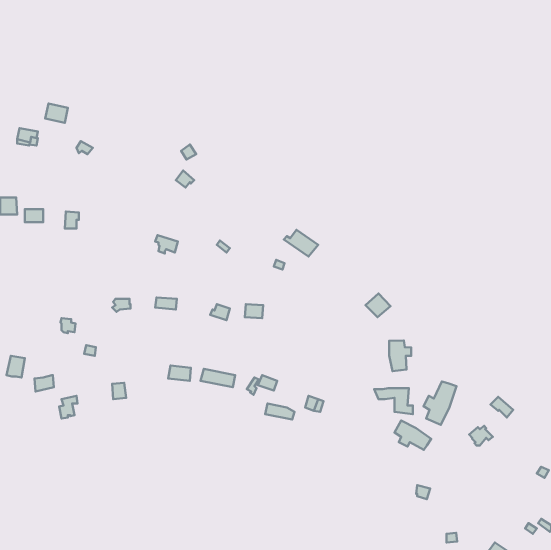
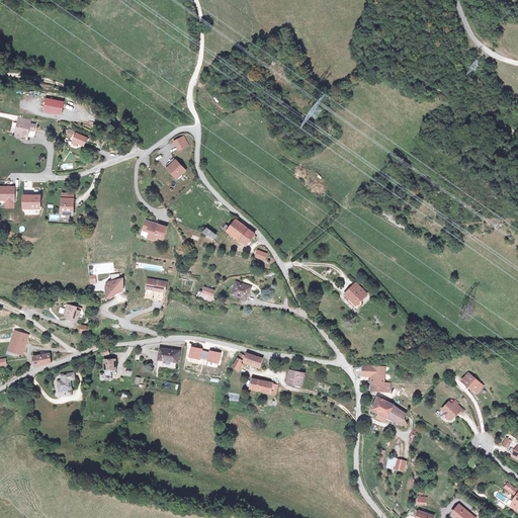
building: [284,230,318,257] -> [223,217,255,242]
building: [389,340,411,371] -> none
building: [424,381,456,425] -> none

